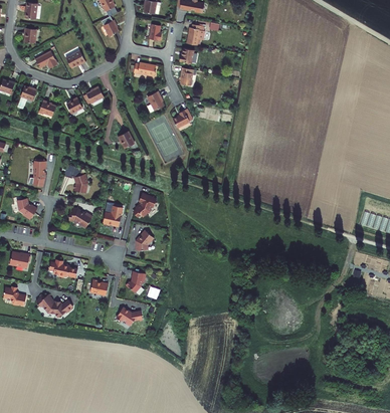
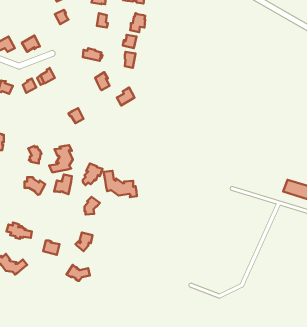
building: none -> [49,145,73,172]
building: none -> [104,171,137,197]

